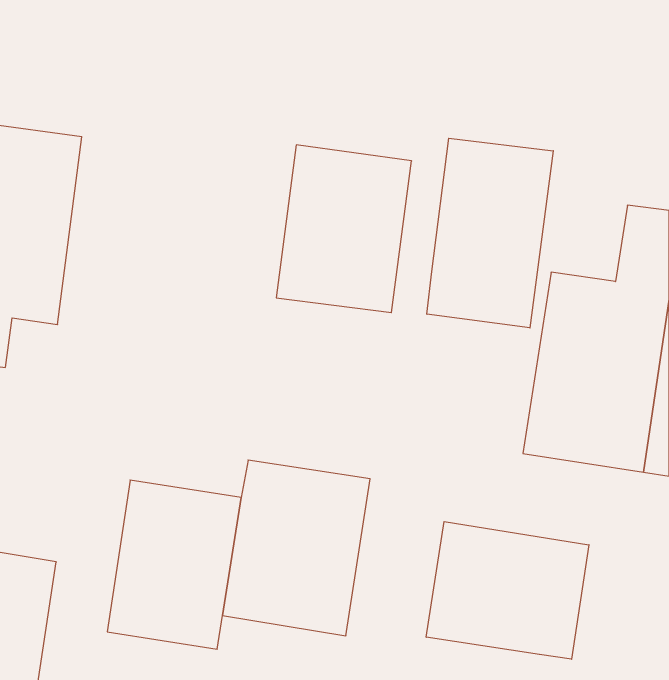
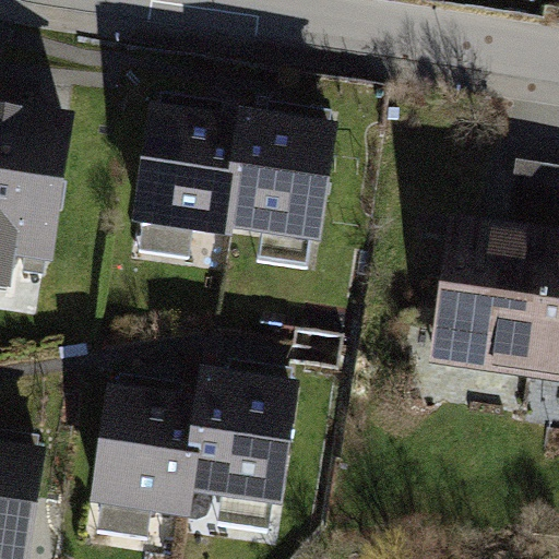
building: none -> [131,110,241,247]
building: [427,138,553,328] -> none
building: [426,522,589,659] -> none

